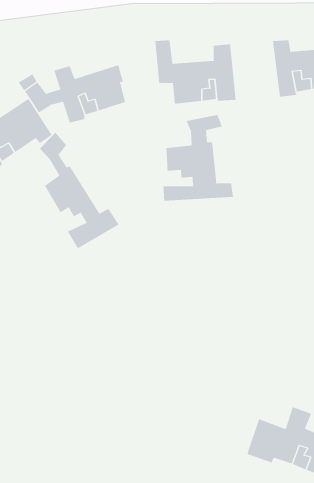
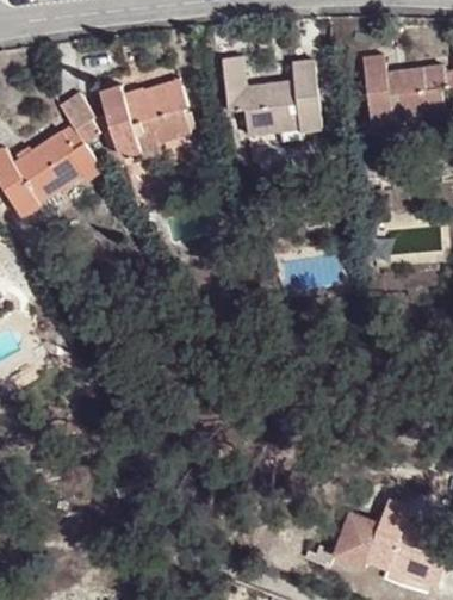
building: [163,114,233,201] -> none
building: [39,132,119,249] -> none

